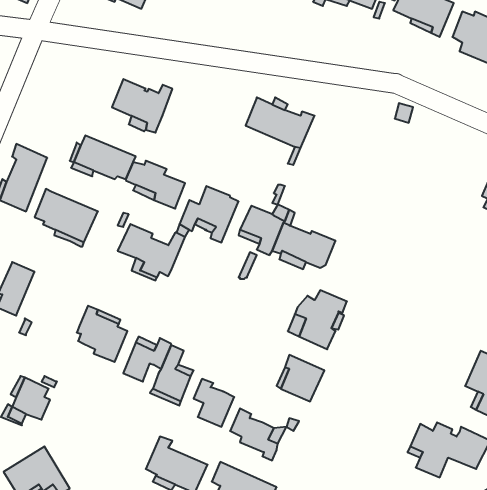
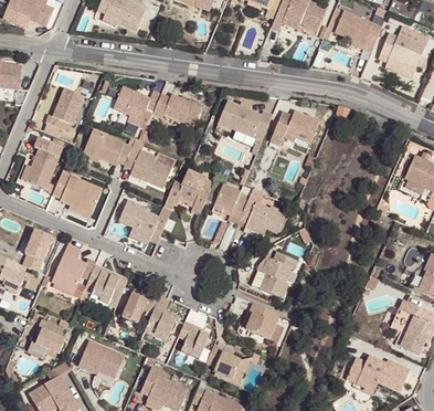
building: none -> [46,88,85,130]
building: none -> [154,94,202,126]
building: none -> [271,110,320,145]
building: none -> [52,244,96,296]
building: none -> [78,340,125,379]

